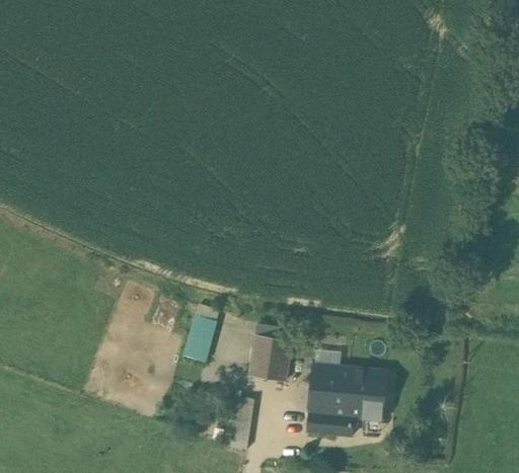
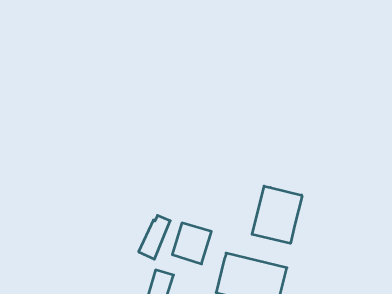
building: none -> [252,186,302,243]
building: [184,309,217,362] -> [139,215,170,259]

